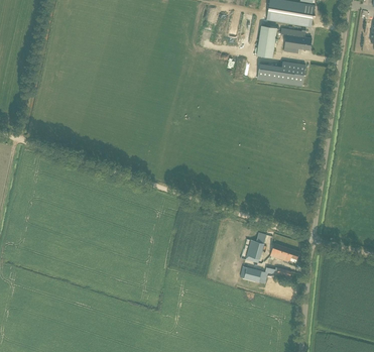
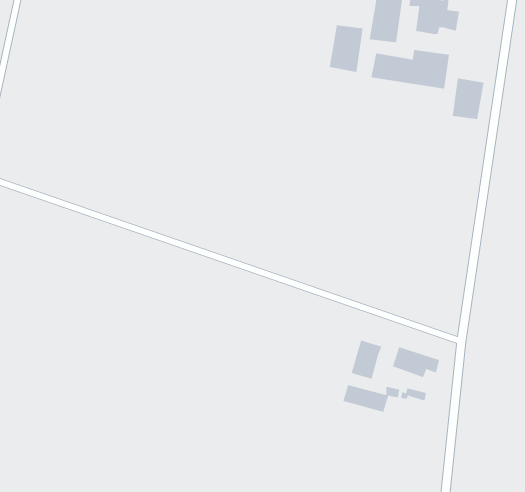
building: none -> [329,25,363,73]
building: none -> [452,77,484,120]

